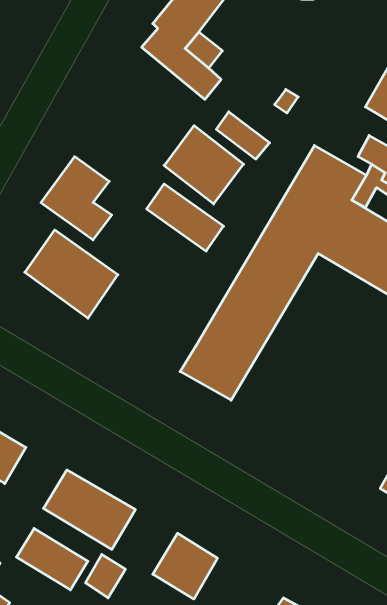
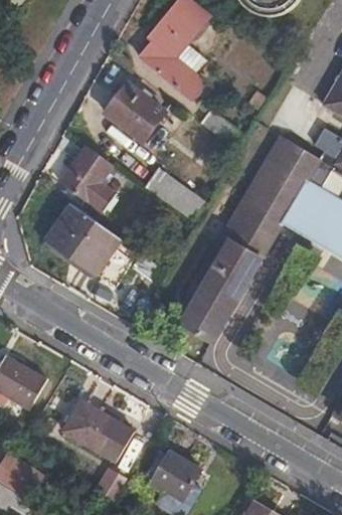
building: [164,126,244,204] -> [104,80,168,144]
building: [16,528,88,590] -> none

